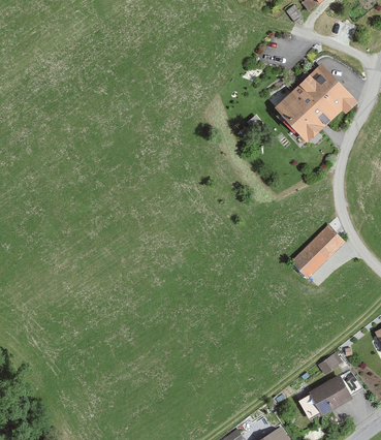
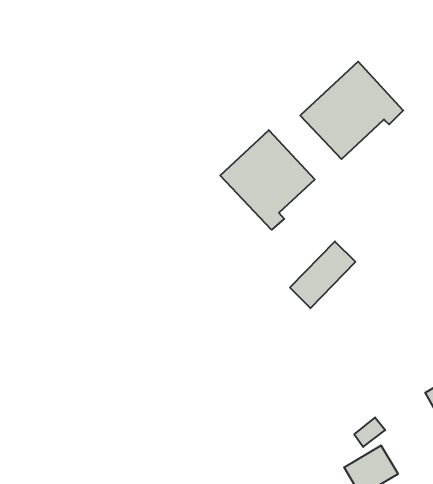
building: none -> [220,130,315,230]
building: [295,226,348,280] -> [290,241,355,308]

